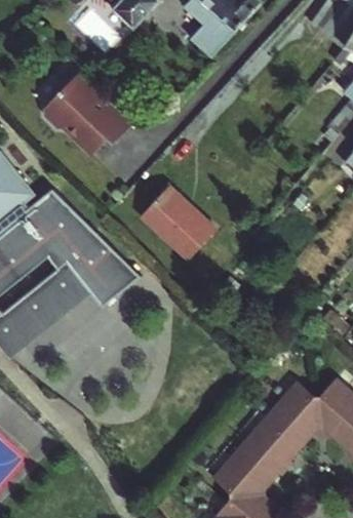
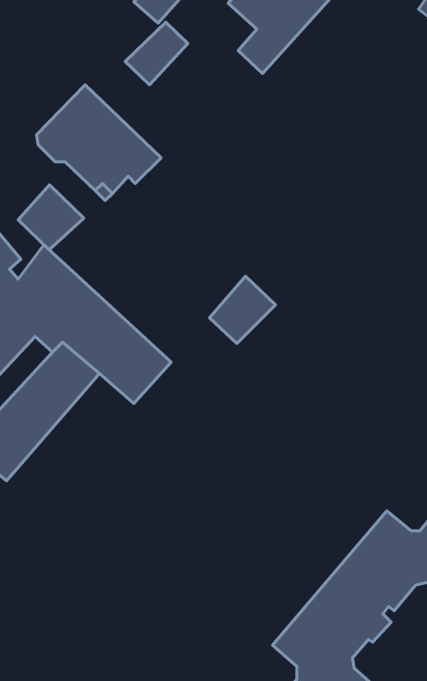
building: none -> [125,22,188,85]
building: none -> [18,185,84,250]
building: [141,187,192,240] -> none

